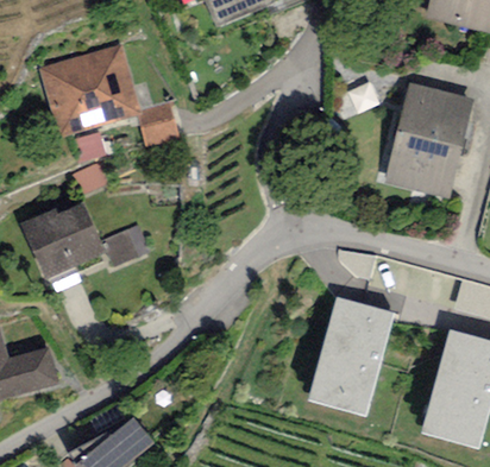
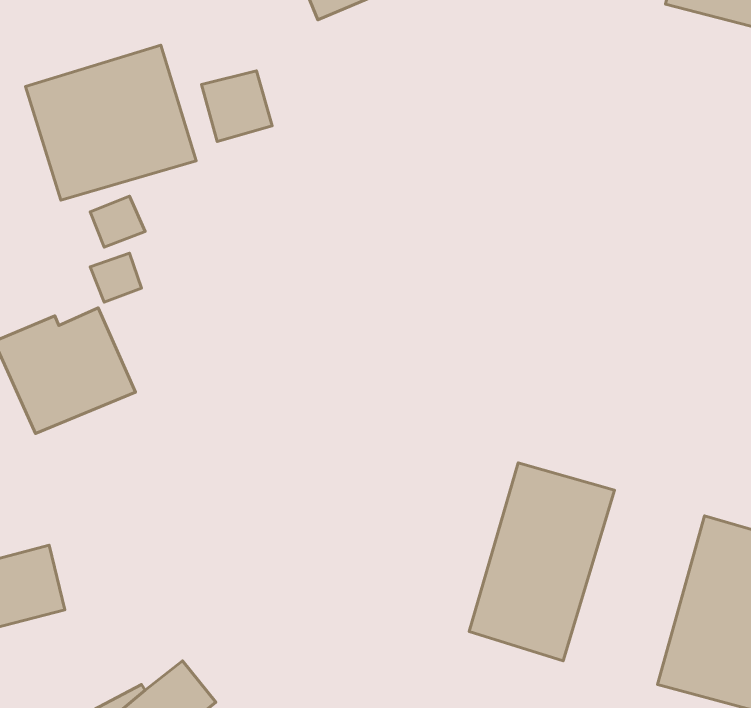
building: [383,82,472,197] -> none
building: [139,107,182,150] -> [202,71,272,141]
building: [105,225,150,265] -> none

